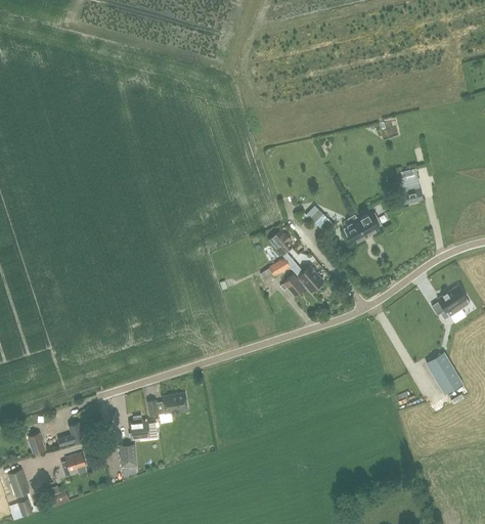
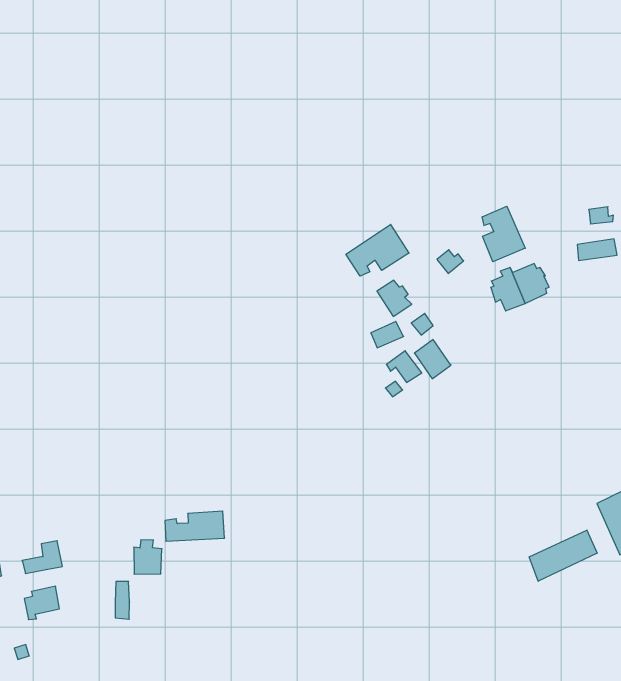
building: none -> [482,206,525,262]
building: none -> [346,224,409,276]
building: none -> [529,530,597,581]

